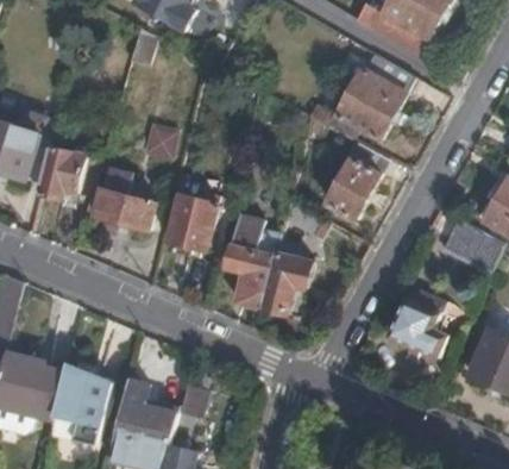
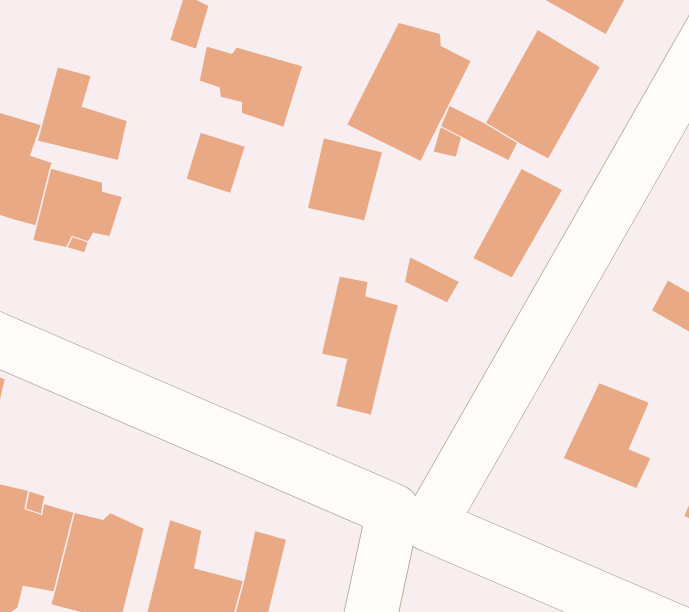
building: none -> [347,22,471,162]
building: none -> [199,46,303,128]
building: [94,167,153,229] -> [37,67,127,161]
building: [168,194,218,249] -> [307,138,383,221]
building: [262,252,310,313] -> none

